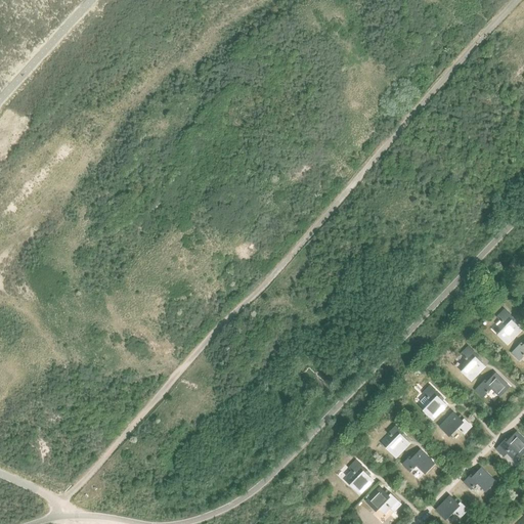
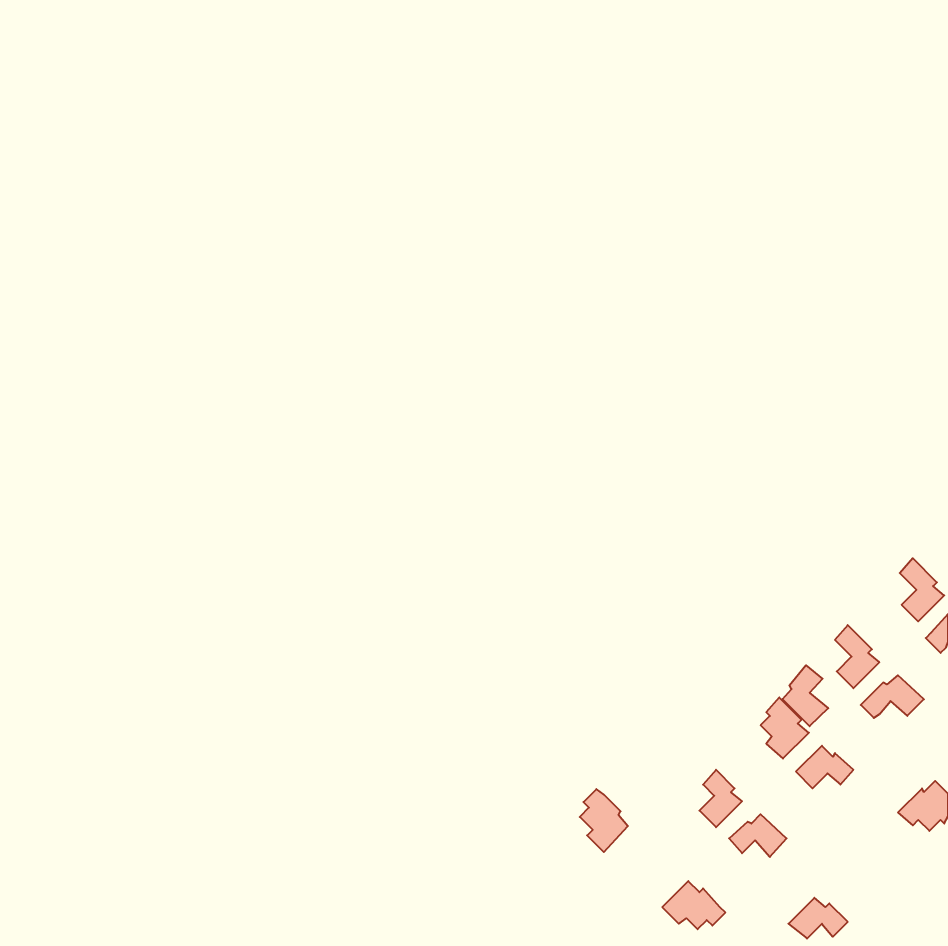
building: none -> [782,665,828,726]
building: [346,460,373,494] -> [580,789,628,852]
building: [464,467,495,490] -> none

